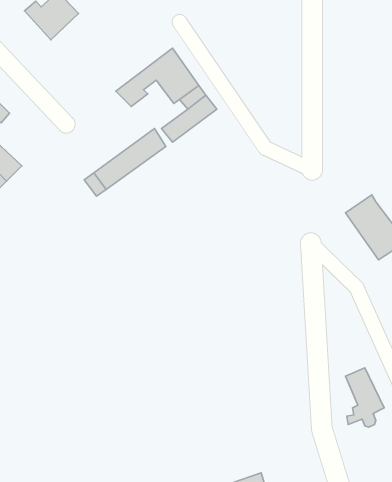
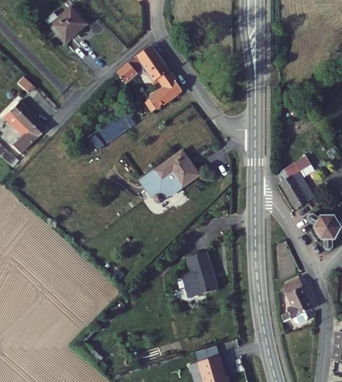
building: none -> [140,157,198,209]
building: none -> [183,254,216,298]

